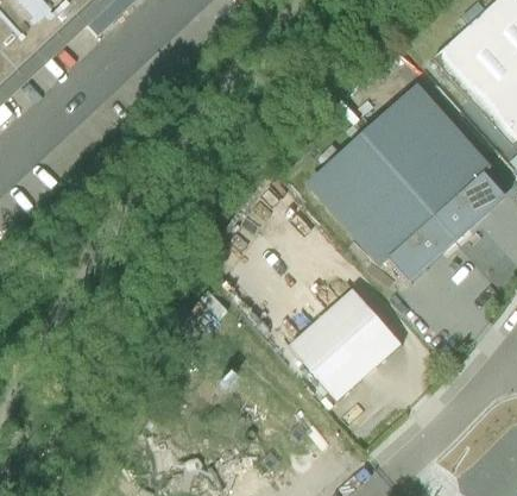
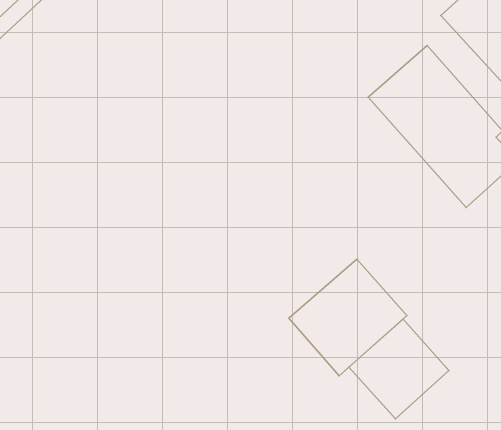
building: [308,134,456,281] -> none
building: none -> [349,319,449,419]

